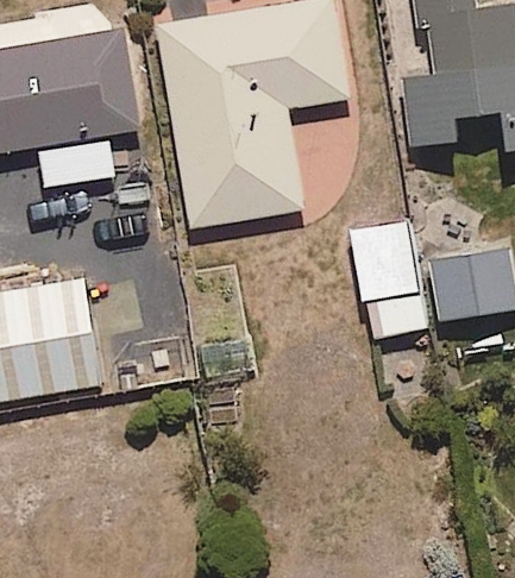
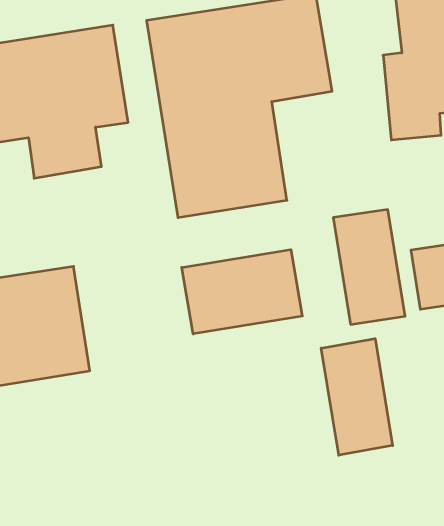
building: none -> [182,250,302,334]
building: none -> [321,339,393,455]

